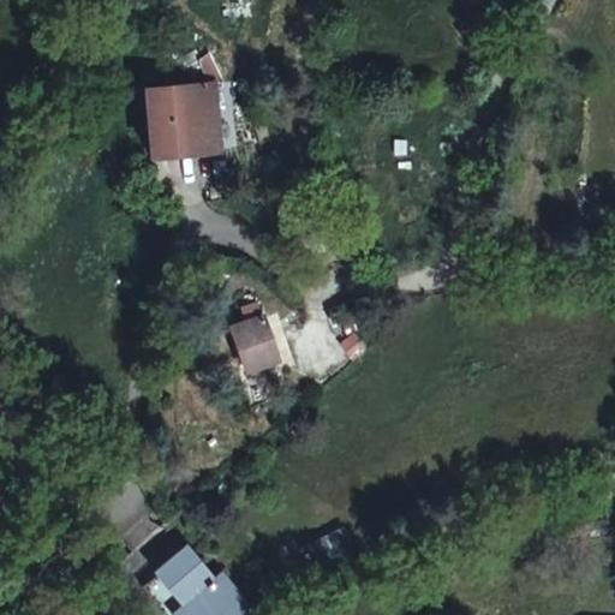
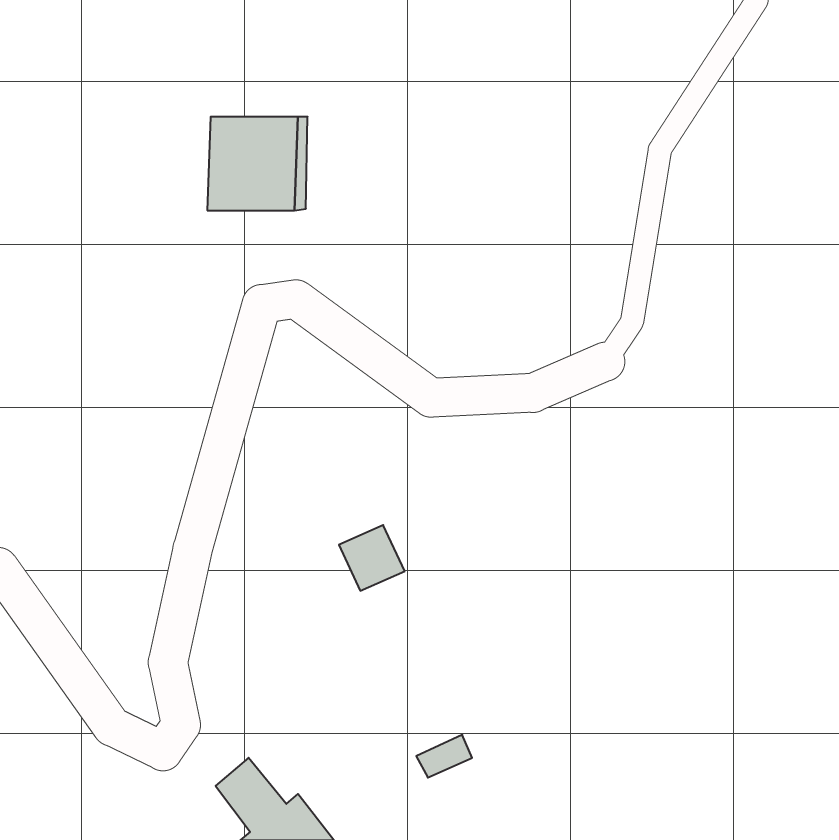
building: [226,330,274,378] -> [339,525,405,591]

